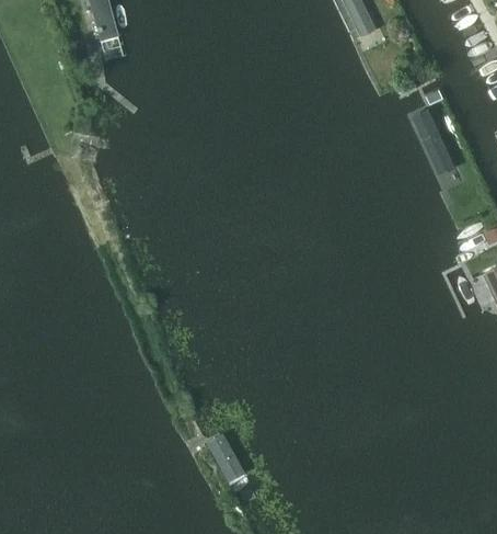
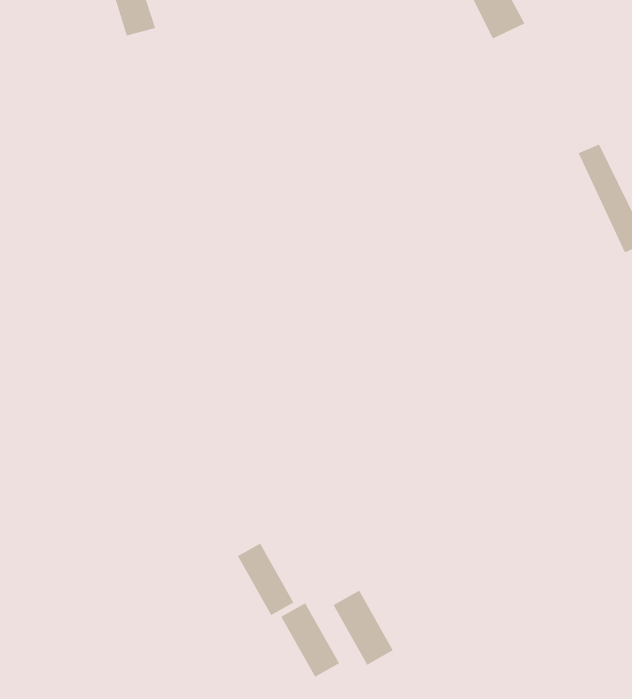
building: none -> [237,542,295,616]
building: none -> [332,589,394,666]

